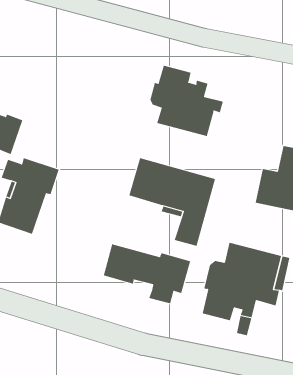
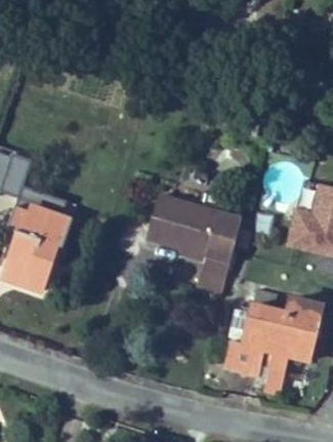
building: [150,65,224,137] -> none
building: [103,243,191,304] -> none

